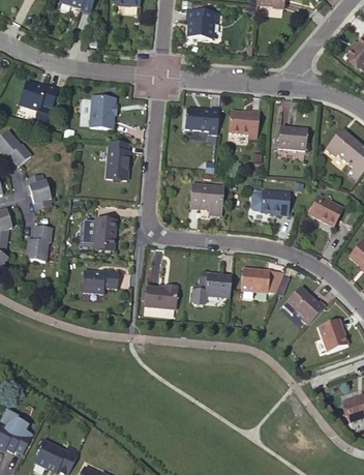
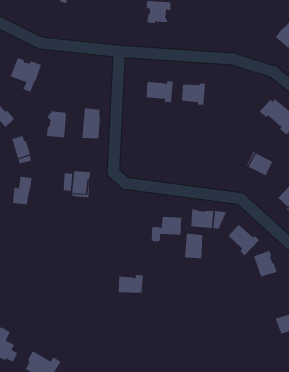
building: [92,95,117,128] -> [46,111,67,138]
building: [278,126,308,149] -> none
building: [191,184,223,211] -> none
building: [262,190,290,216] -> none
building: [84,270,121,294] -> none
building: [146,286,178,308] -> [118,275,144,293]
building: none -> [185,233,203,259]

